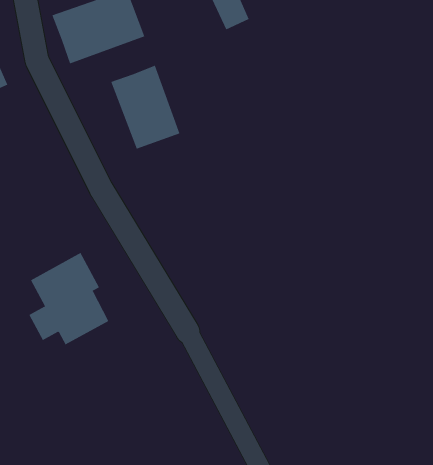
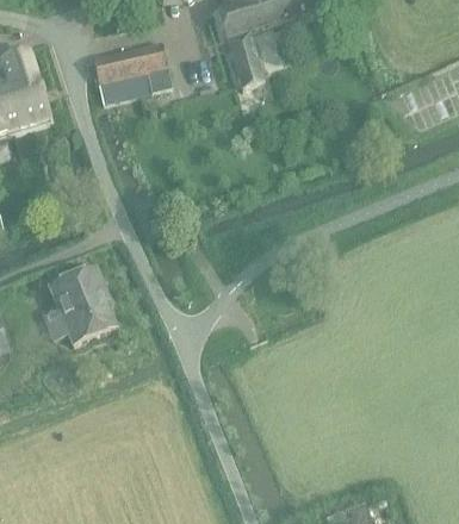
building: [110,65,180,150] -> none

